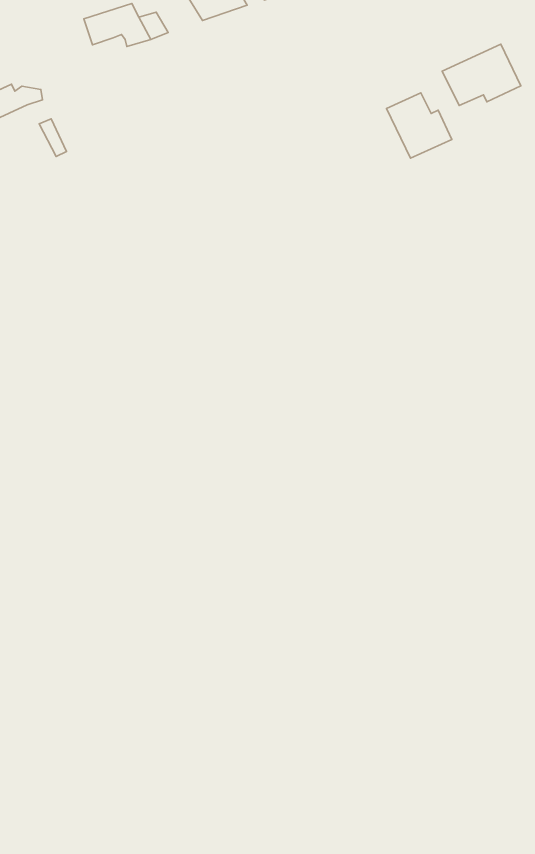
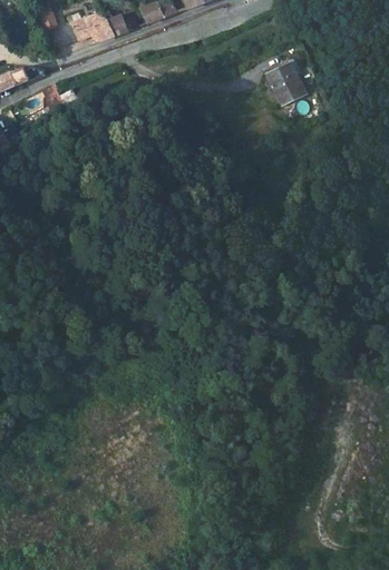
building: [442,44,521,106] -> none

